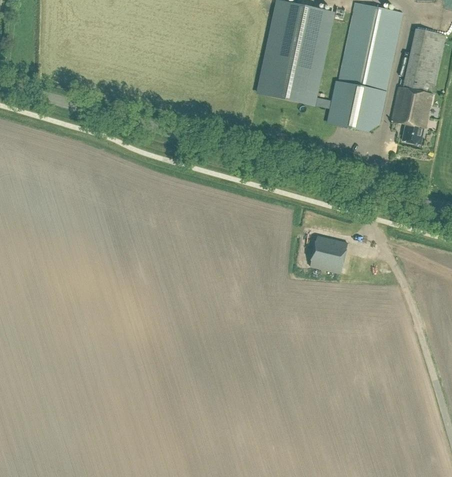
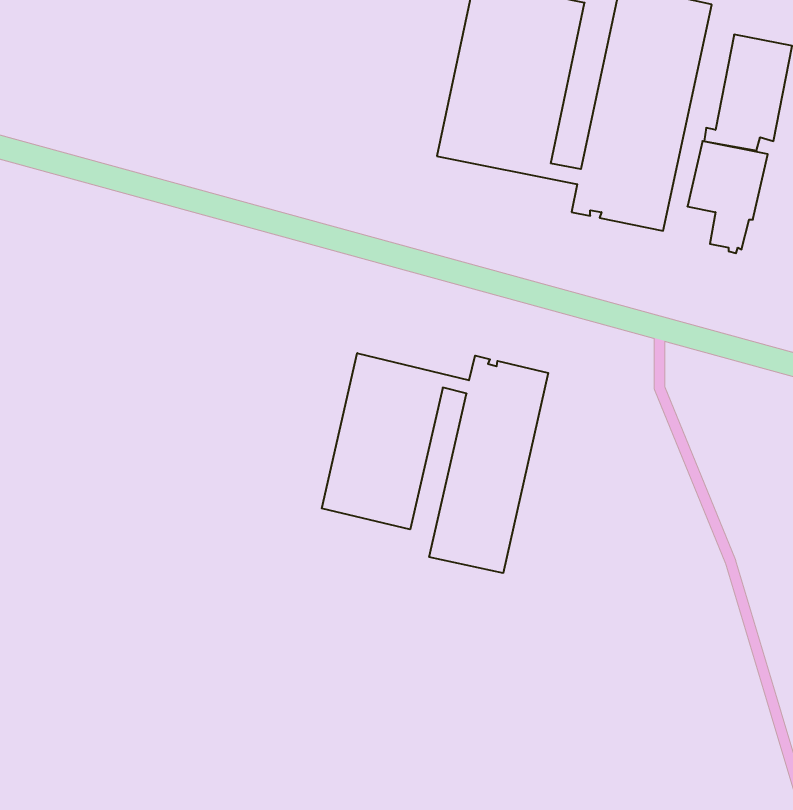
building: none -> [322,353,548,573]
building: [308,234,346,272] -> none

